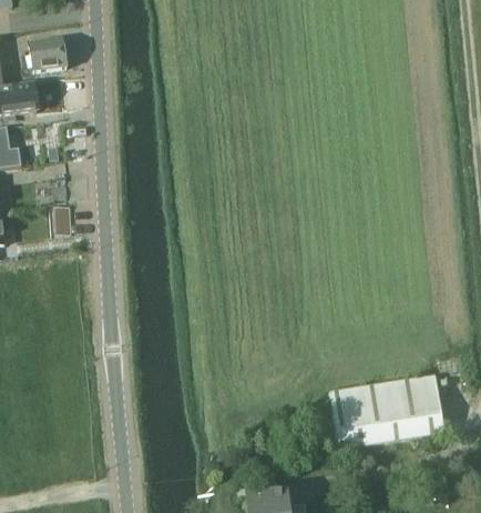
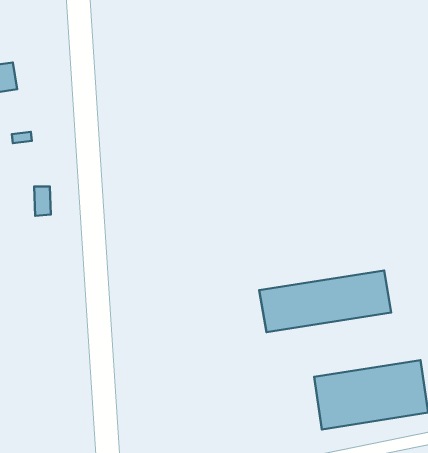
building: [29,36,65,70] -> none
building: none -> [259,271,391,332]

